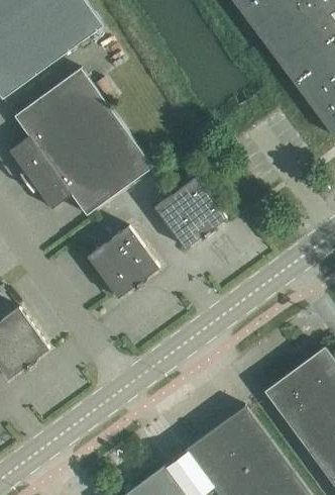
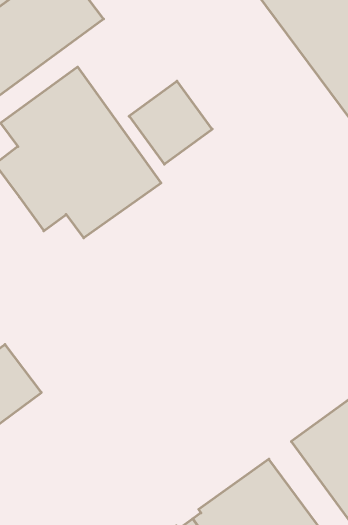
building: [154,176,226,247] -> [129,81,212,164]
building: [87,225,159,297] -> none

